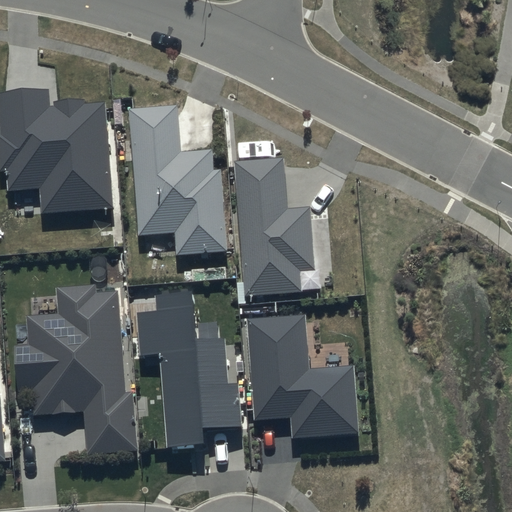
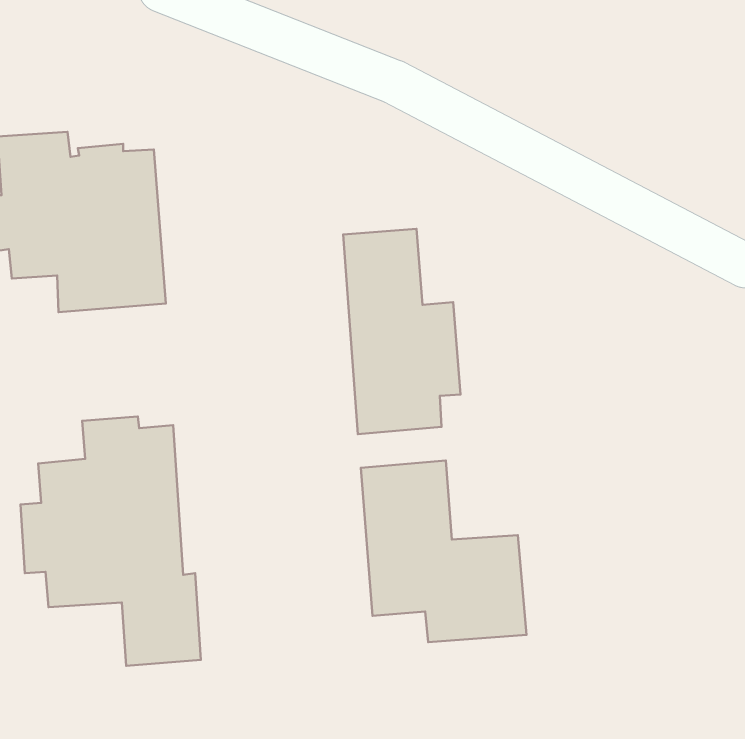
building: [128,105,227,255] -> none
building: [136,294,242,450] -> none

